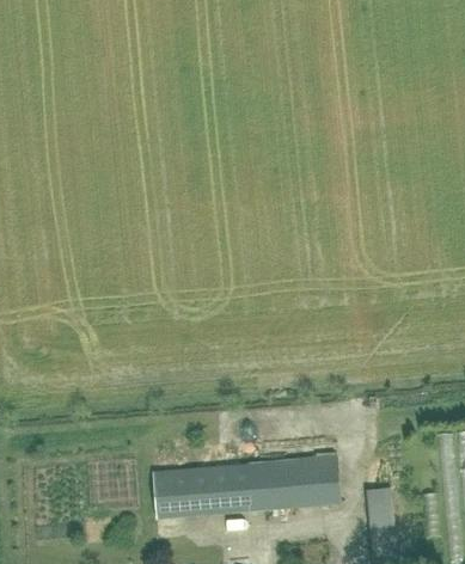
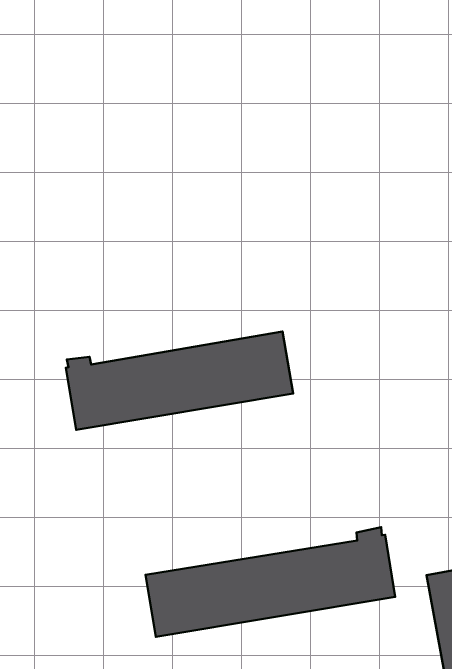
building: none -> [66,332,293,430]

